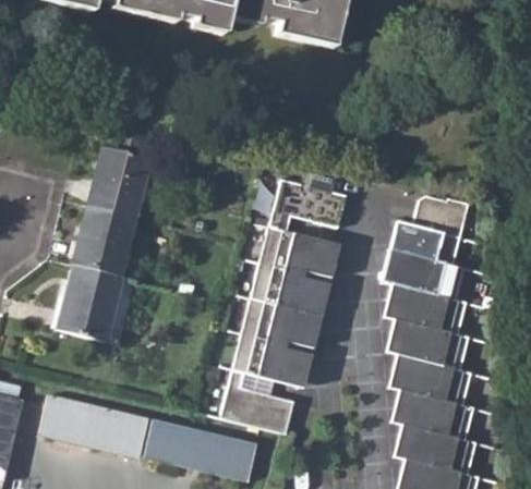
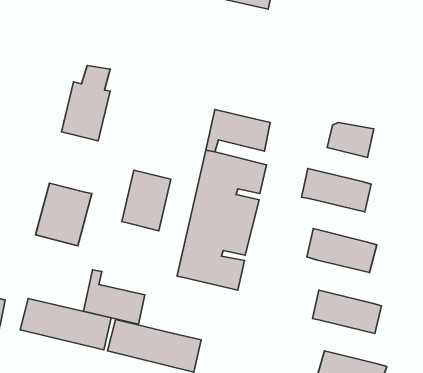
building: [80,198,137,270] -> [122,170,171,231]
building: [386,212,457,257] -> none
building: [382,278,464,329] -> none
building: [388,350,470,401] -> none
building: [220,369,293,433] -> [83,270,145,324]
building: [395,421,476,473] -> none

